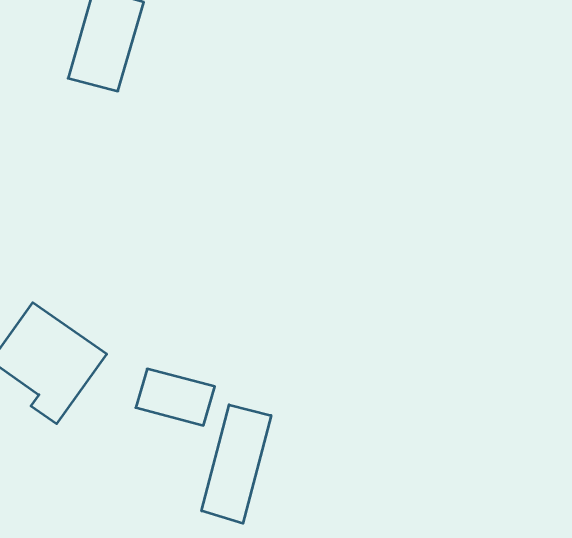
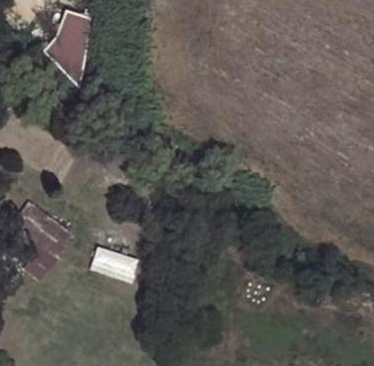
building: [202,405,271,523] -> none

